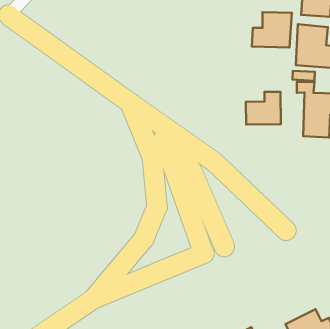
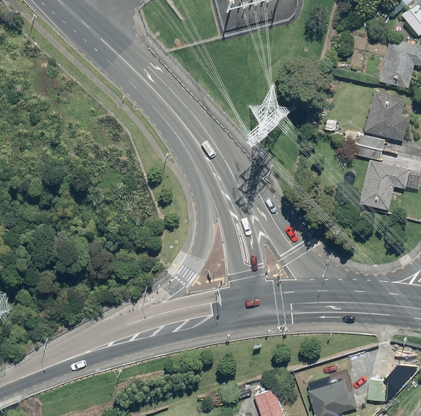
building: [252,12,292,48] -> none
building: [246,92,281,125] -> none

